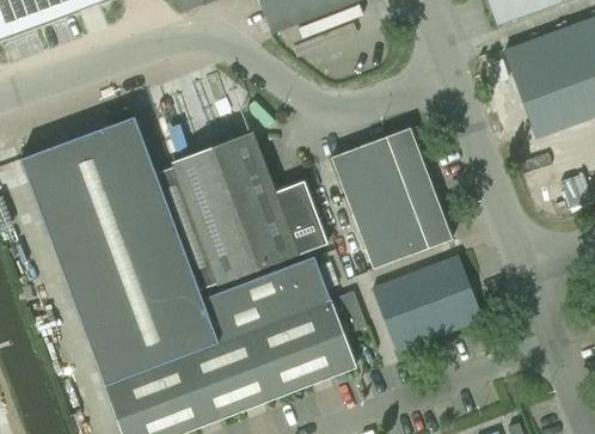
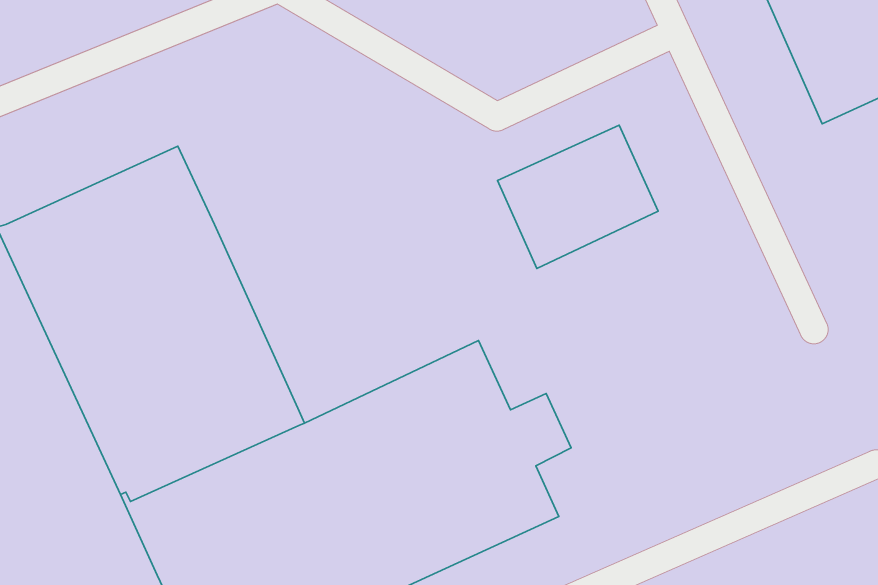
building: [157,133,326,288] -> none
building: [354,183,453,268] -> none
building: [373,256,483,350] -> none

